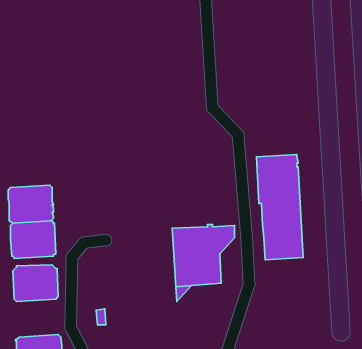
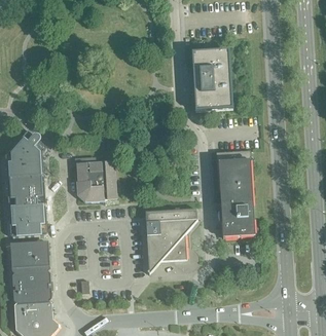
building: none -> [194,51,230,109]
building: none -> [5,132,47,178]
building: none -> [77,149,116,200]
building: none -> [12,271,51,303]

